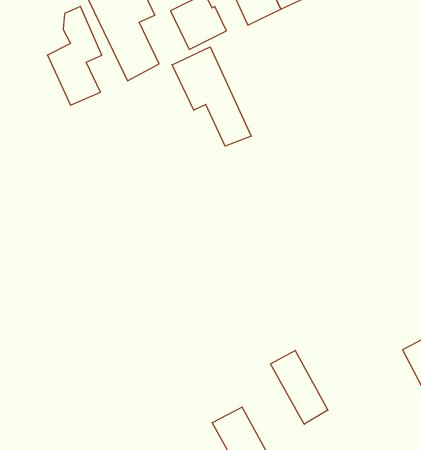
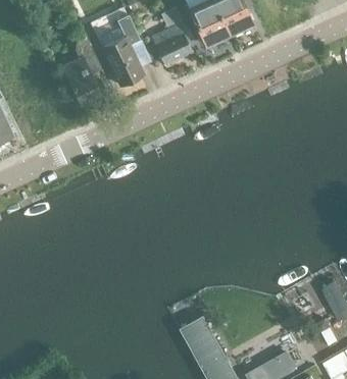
building: [172,47,251,146] -> none
building: [271,350,328,424] -> none

